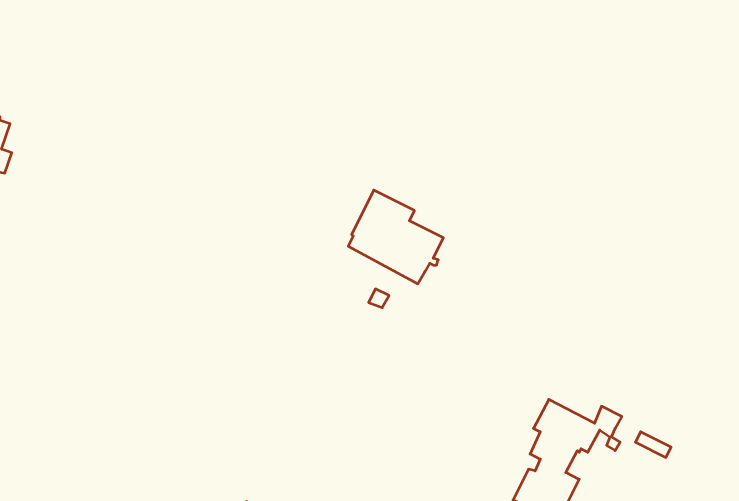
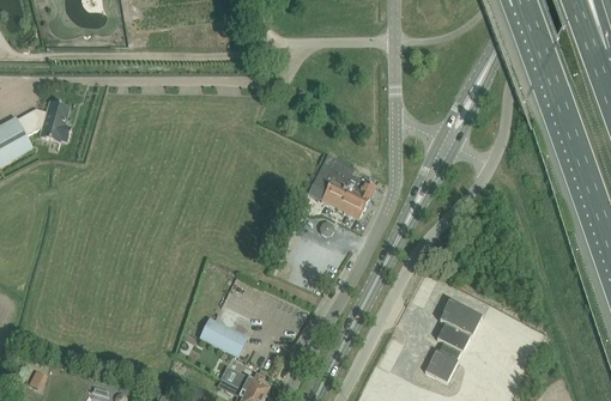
building: none -> [198,317,247,356]

